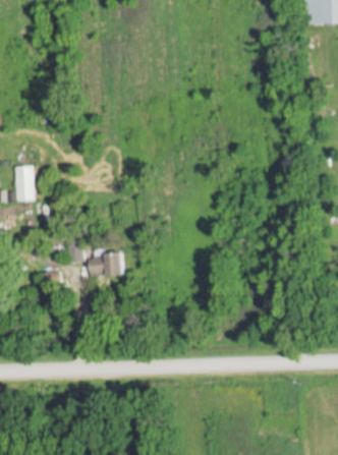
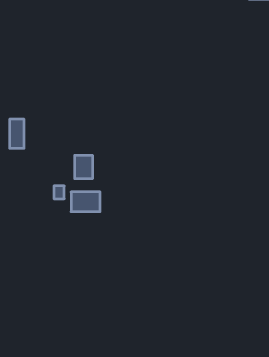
building: none -> [75,155,92,179]

